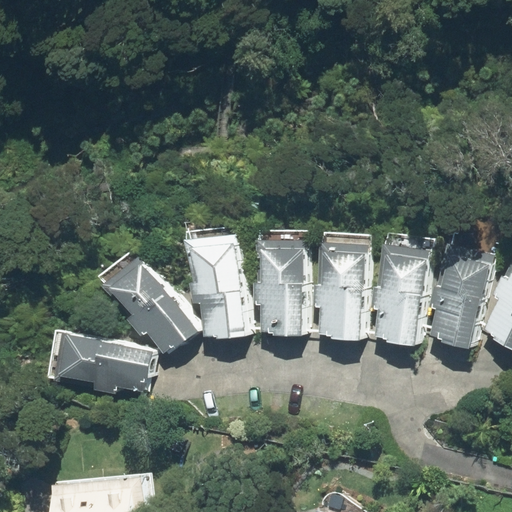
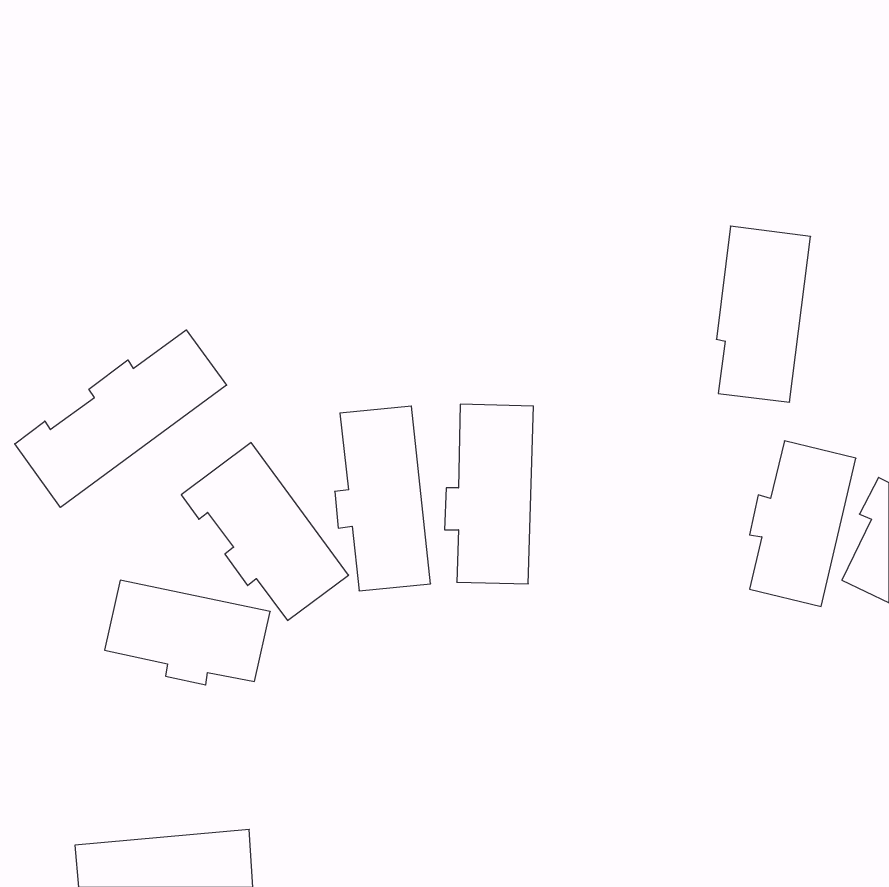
building: none -> [15,330,227,507]
building: [315,241,367,340] -> none
building: [374,243,428,344] -> [716,226,811,402]

